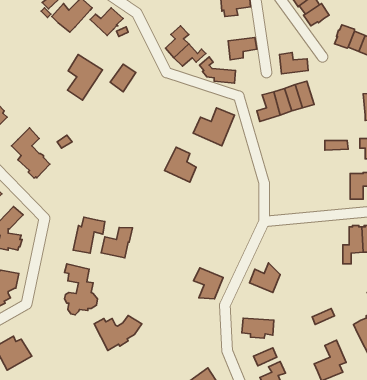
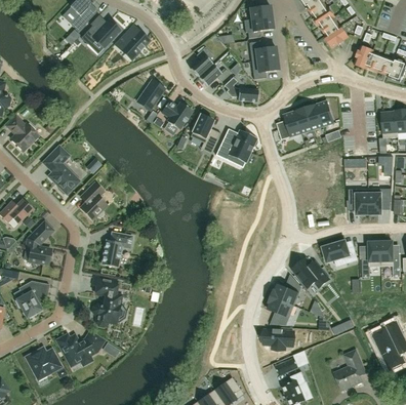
building: [279,53,308,74] -> [249,40,277,60]
building: [68,55,103,100] -> none
building: none -> [161,99,192,128]
building: [164,147,196,182] -> [190,113,220,147]
building: none -> [80,181,107,218]
building: none -> [350,188,369,213]
building: none -> [322,240,358,262]
building: [101,228,132,258] -> none
building: none -> [292,257,329,287]
building: [193,268,223,299] -> [266,294,294,324]
building: [94,315,142,351] -> [57,331,104,365]

